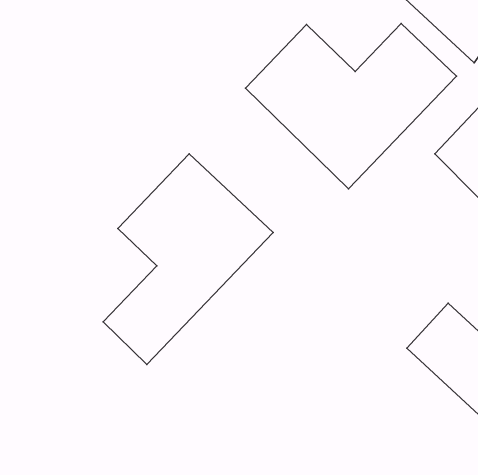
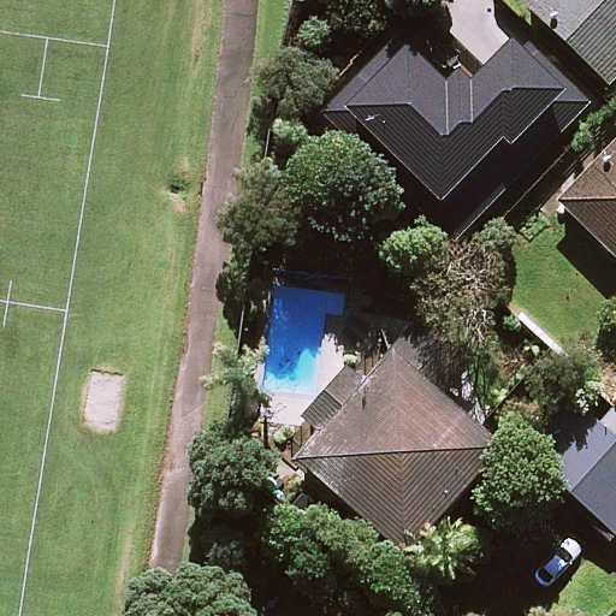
building: [103,154,273,364] -> none
building: none -> [295,340,500,547]

